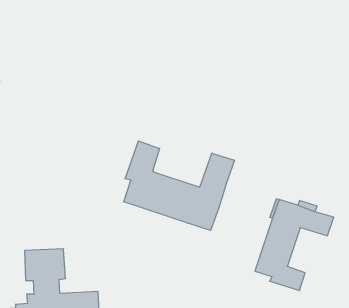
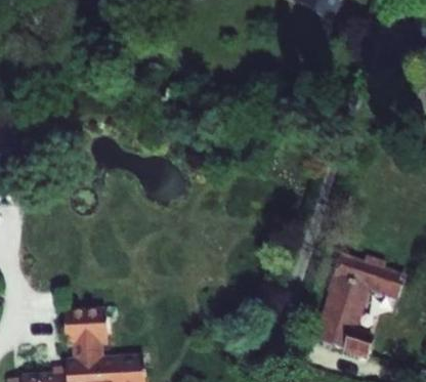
building: [124,141,235,230] -> none

